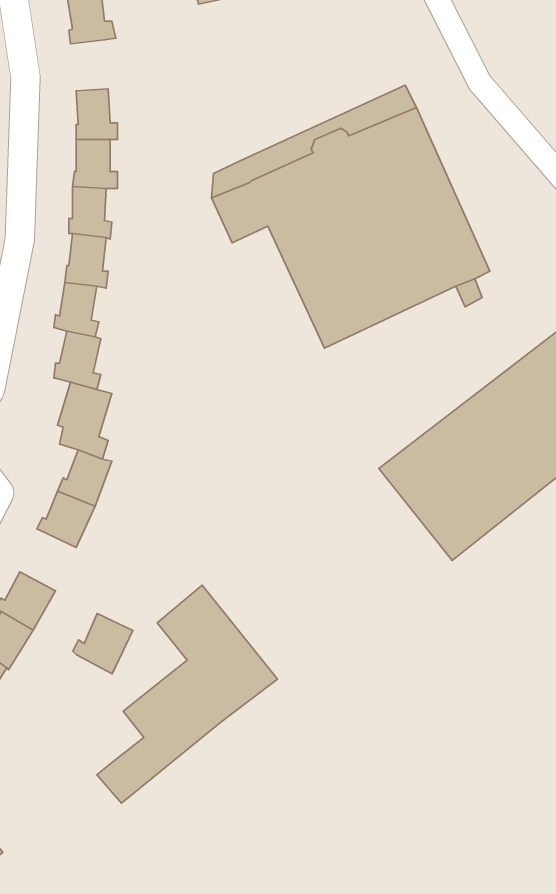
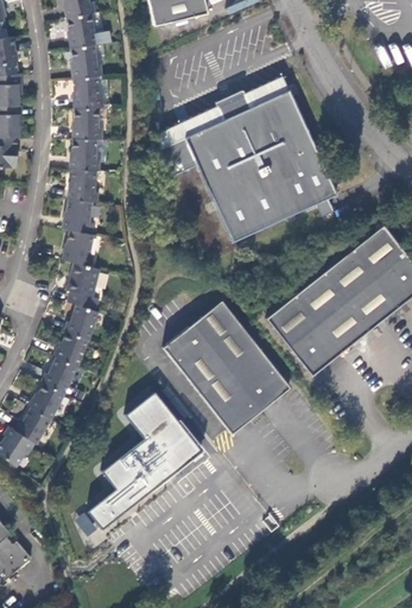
building: none -> [72,45,102,77]
building: none -> [164,298,291,431]
building: [73,614,133,674] -> [38,355,76,393]

